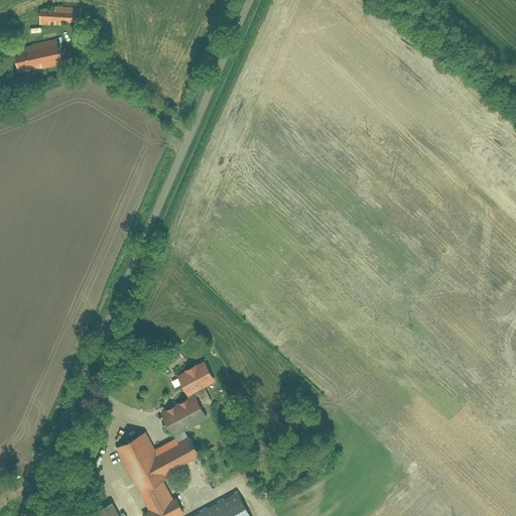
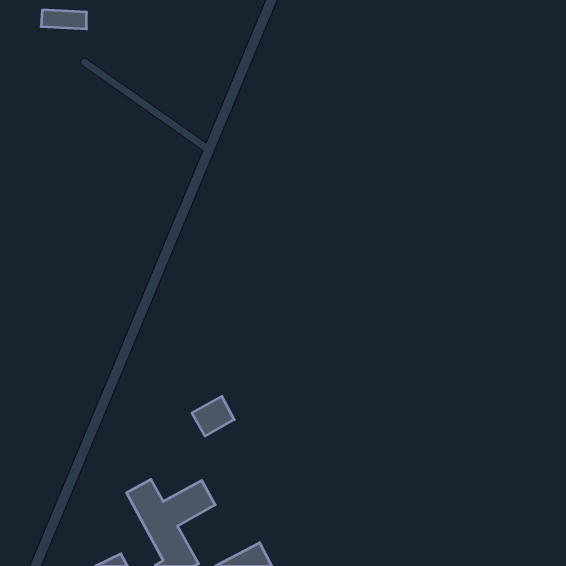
building: [13,40,61,75] -> none
building: [159,395,206,437] -> none

